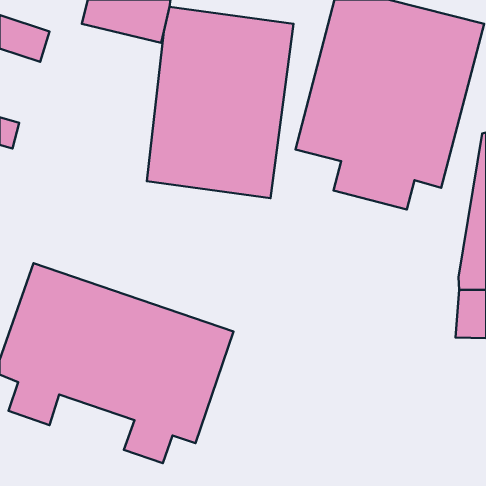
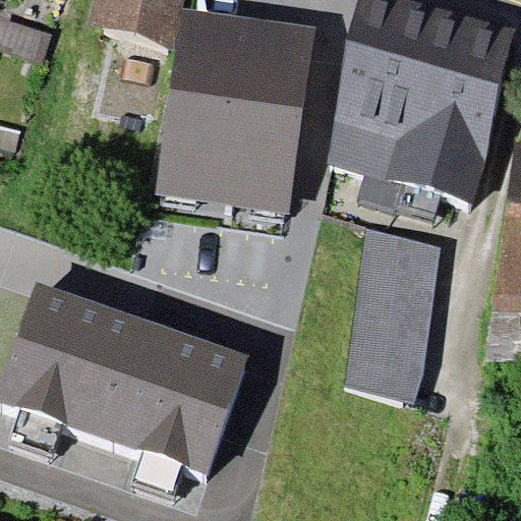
building: none -> [344,228,440,404]

